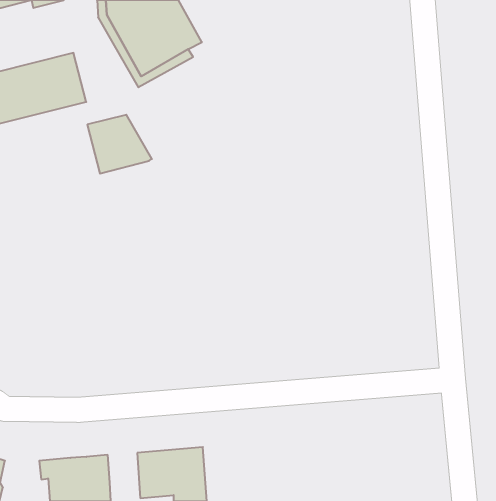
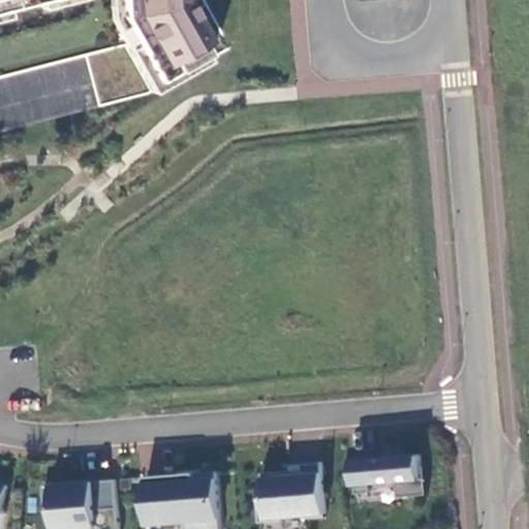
building: [87,115,152,174] -> [77,45,146,107]
building: none -> [350,454,425,497]
building: none -> [255,462,323,523]

